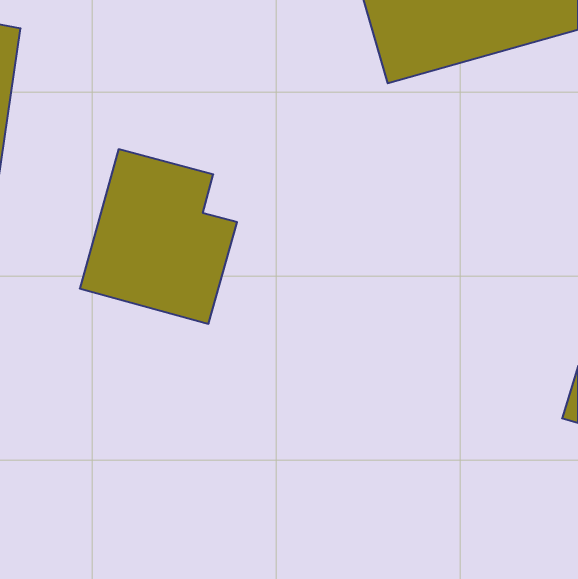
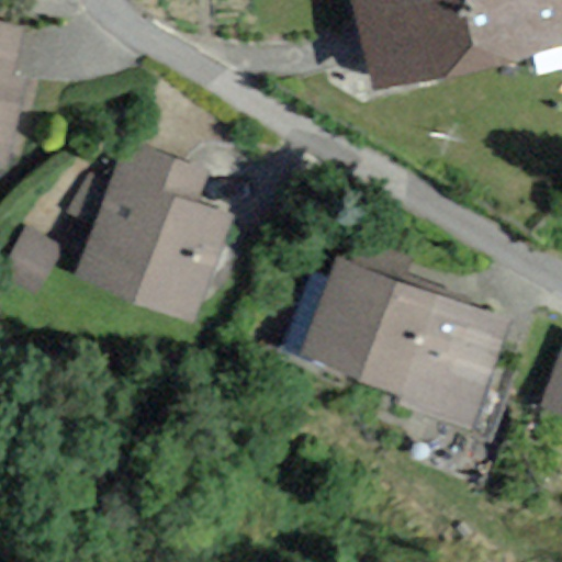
building: none -> [306,261,501,424]

